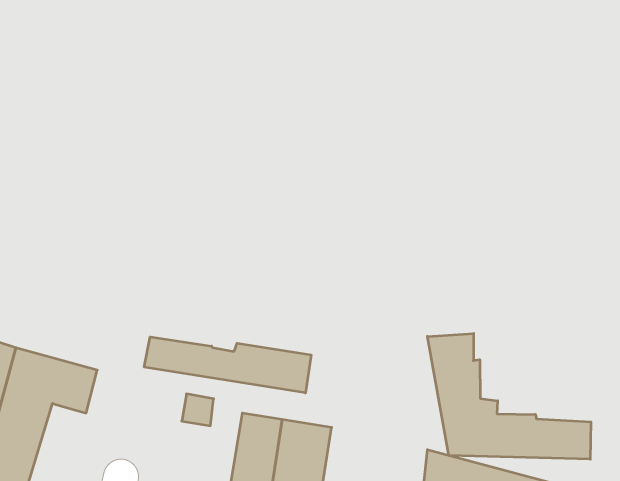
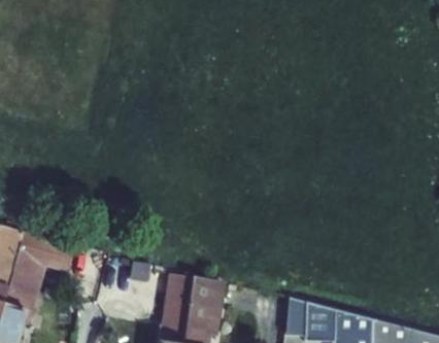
building: [427,333,591,459] -> none
building: [144,337,311,393] -> none

